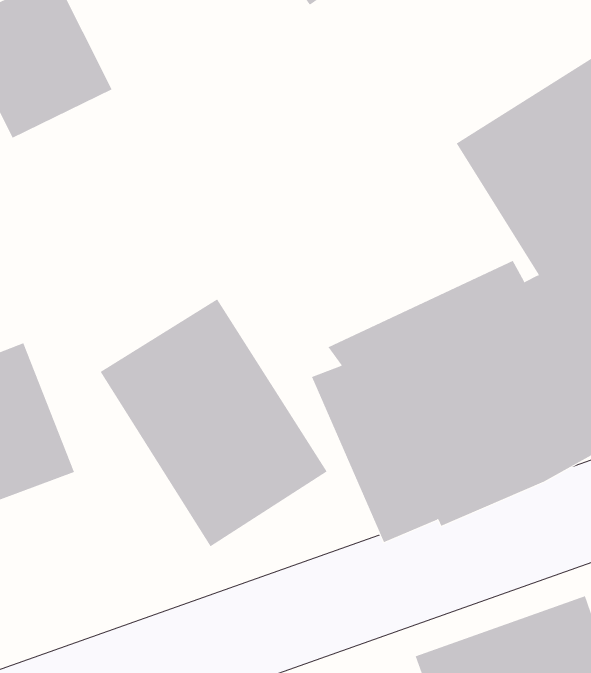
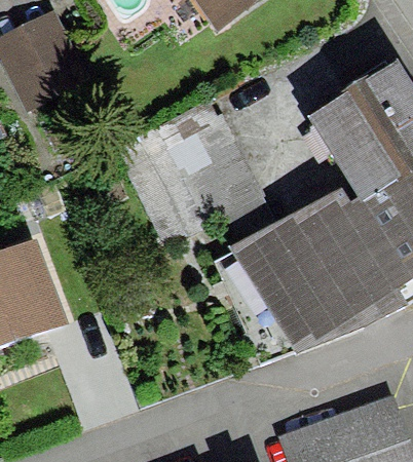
building: [100,299,327,547] -> none

